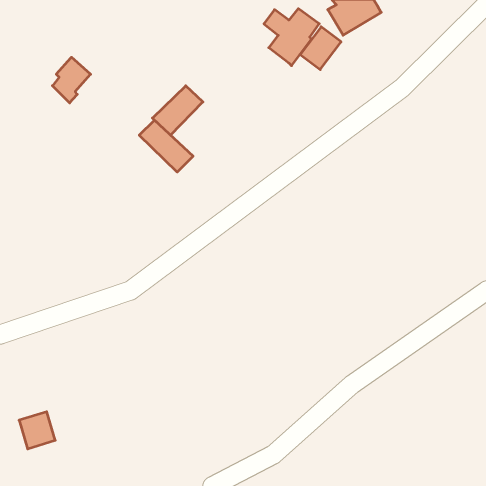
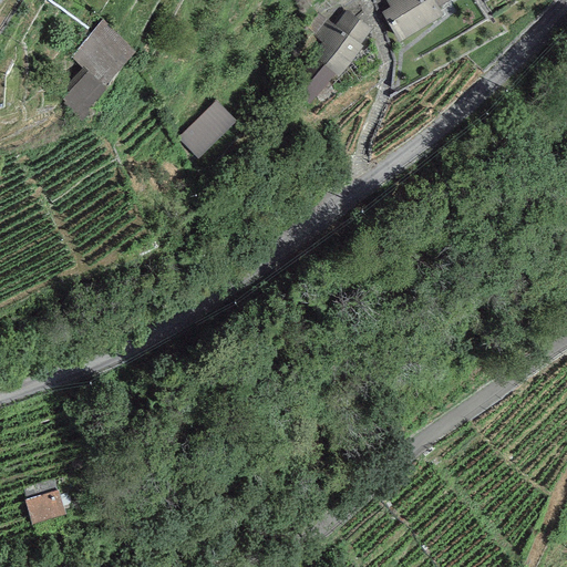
building: none -> [70,20,137,86]
building: [300,27,341,70] -> [289,55,337,105]
building: [139,120,193,172] -> none

